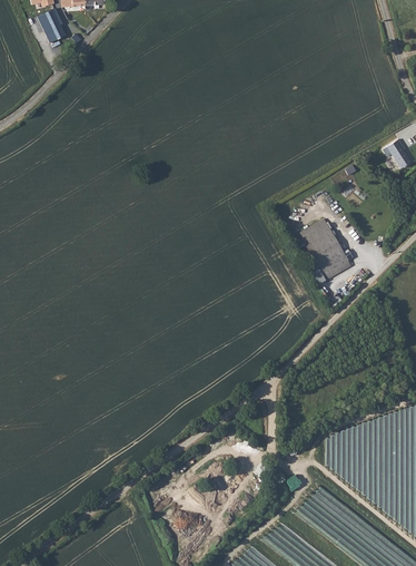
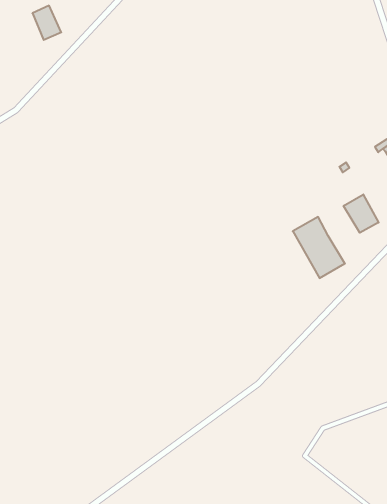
building: none -> [344,194,379,233]

